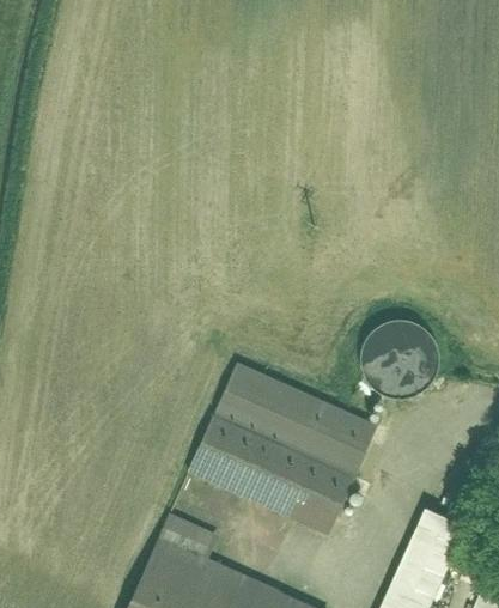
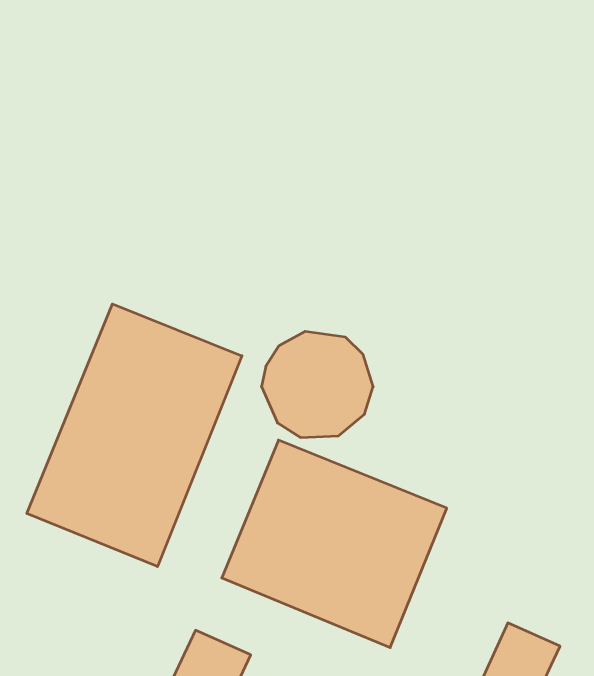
building: none -> [27,304,242,567]
building: [352,321,444,408] -> [261,331,373,437]

